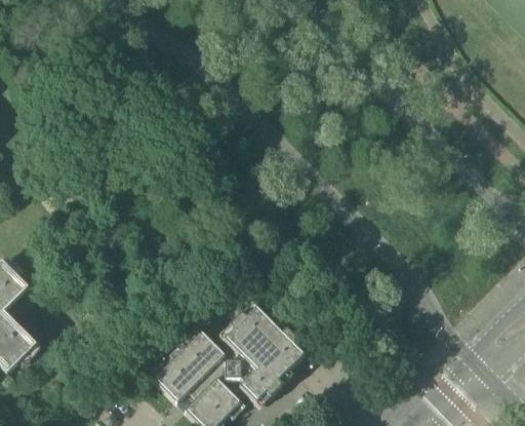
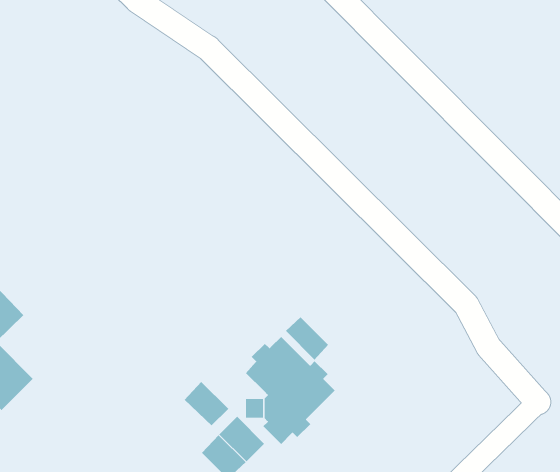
building: none -> [285,316,329,360]
building: [184,328,225,370] -> none
building: [152,361,193,401] -> none

